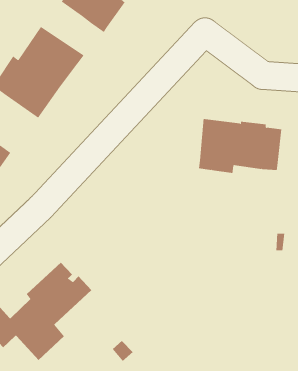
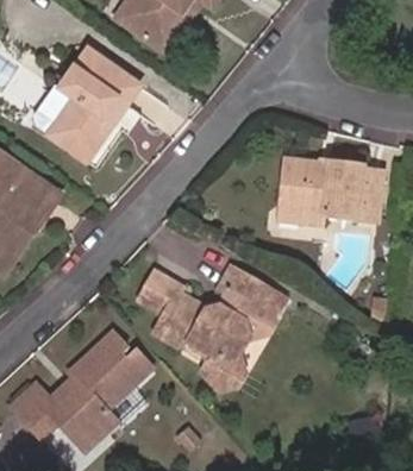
building: none -> [137,266,270,389]

